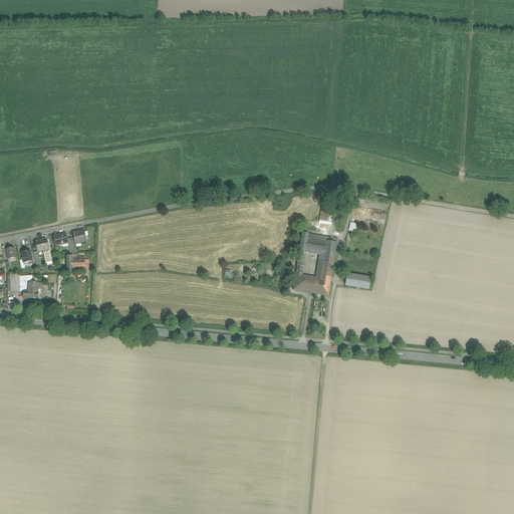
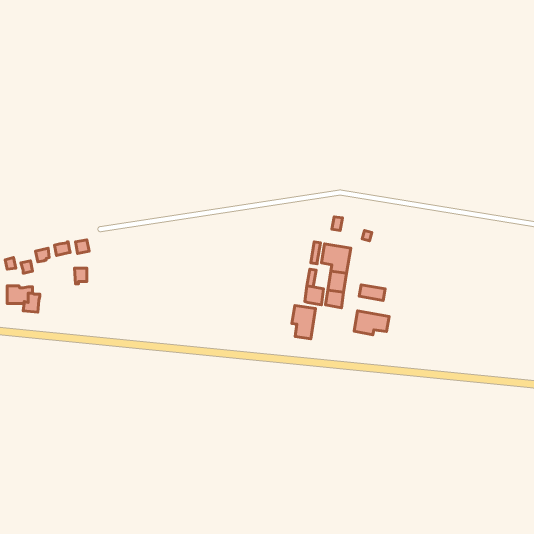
building: none -> [292,305,316,339]
building: none -> [354,311,389,335]

